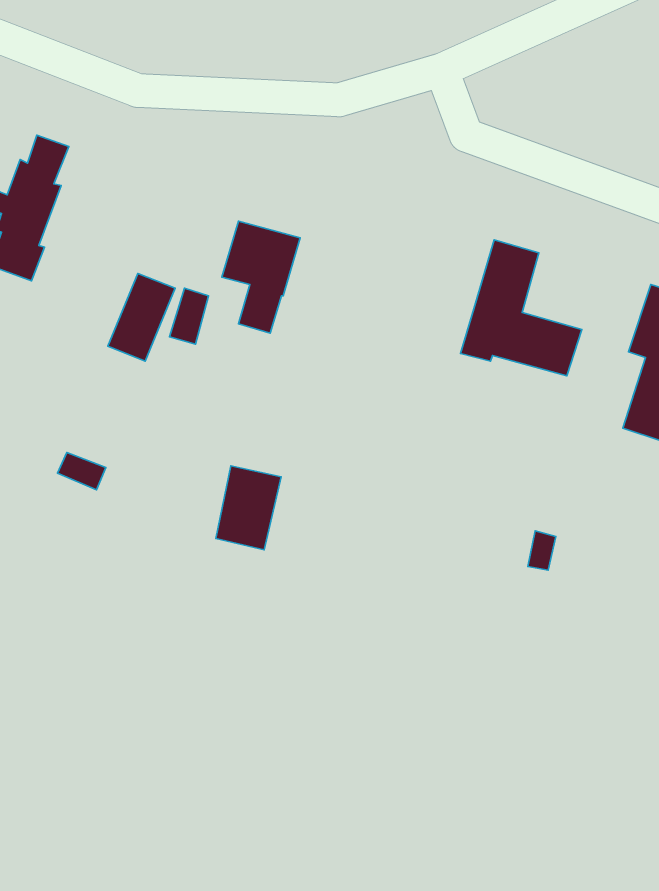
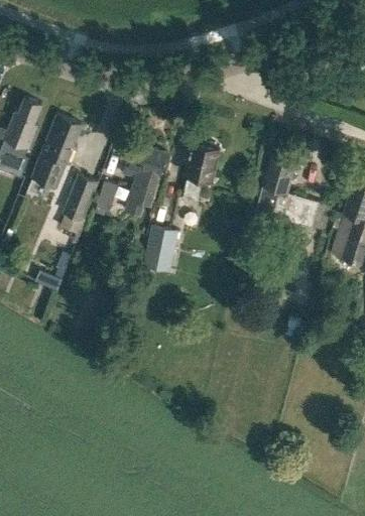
building: none -> [32,117,82,188]
building: none -> [182,143,218,202]
building: [216,466,281,550] -> [143,227,178,272]

